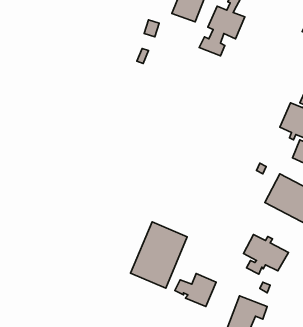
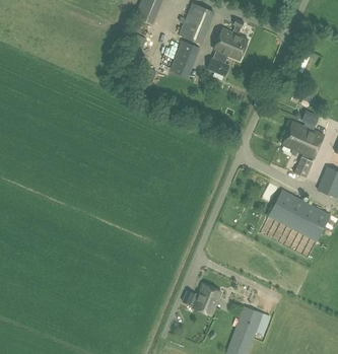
building: none -> [170,41,199,78]
building: [131,222,187,288] -> none
building: [243,234,288,274] -> none

